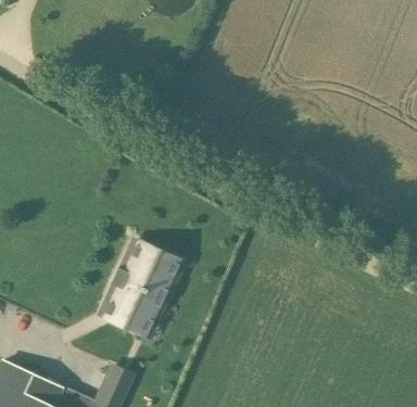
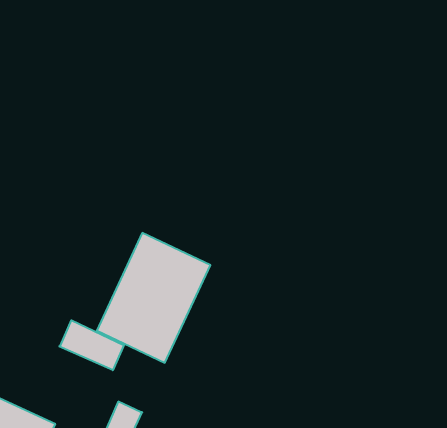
building: none -> [59,320,124,370]

